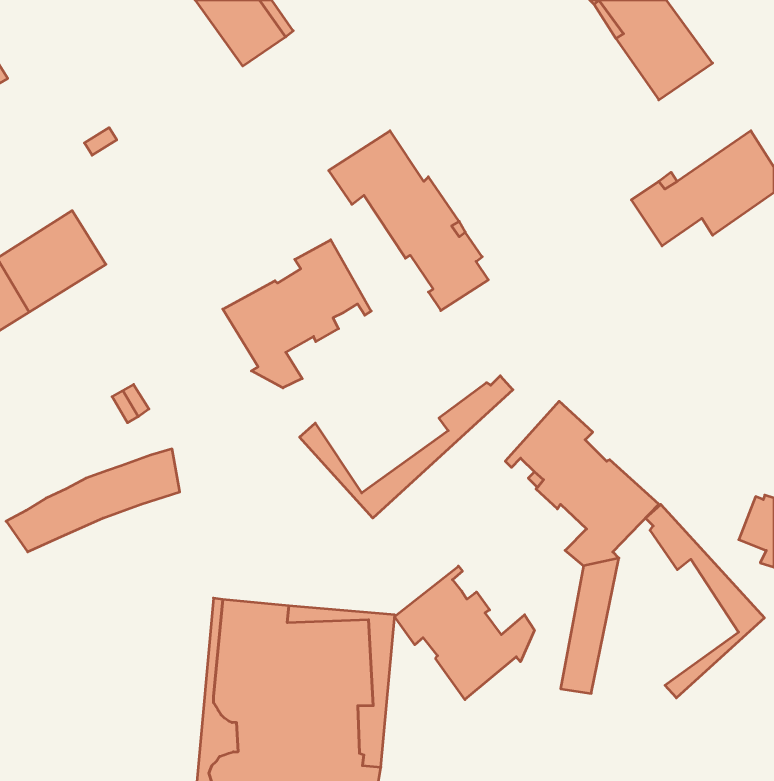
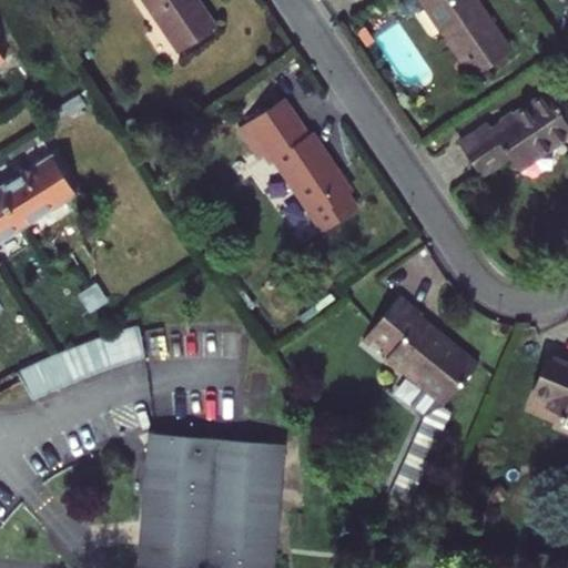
building: [223,240,371,388] -> none
building: [300,376,513,518] -> none
building: [645,504,764,698] -> none
building: [395,566,534,700] -> none

